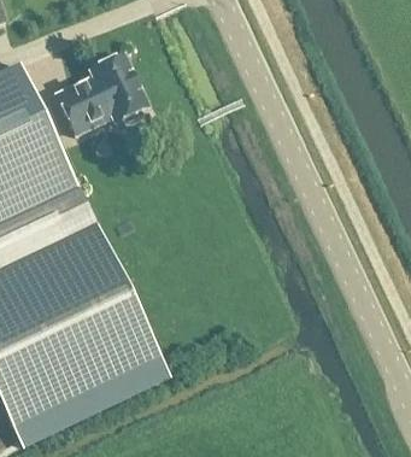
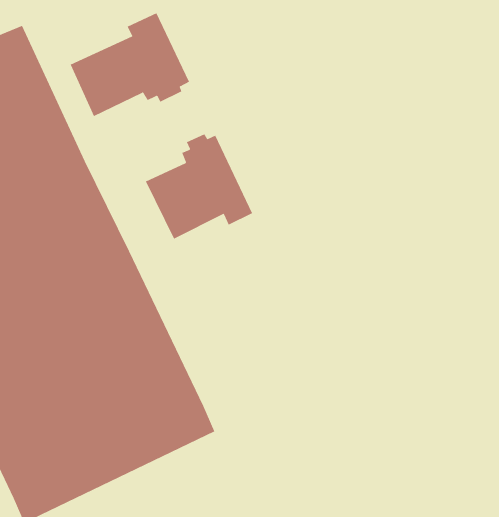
building: none -> [145,134,253,239]

